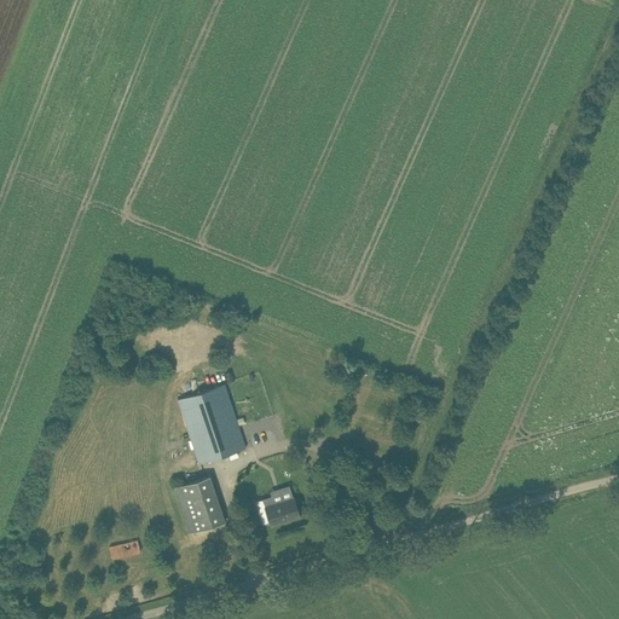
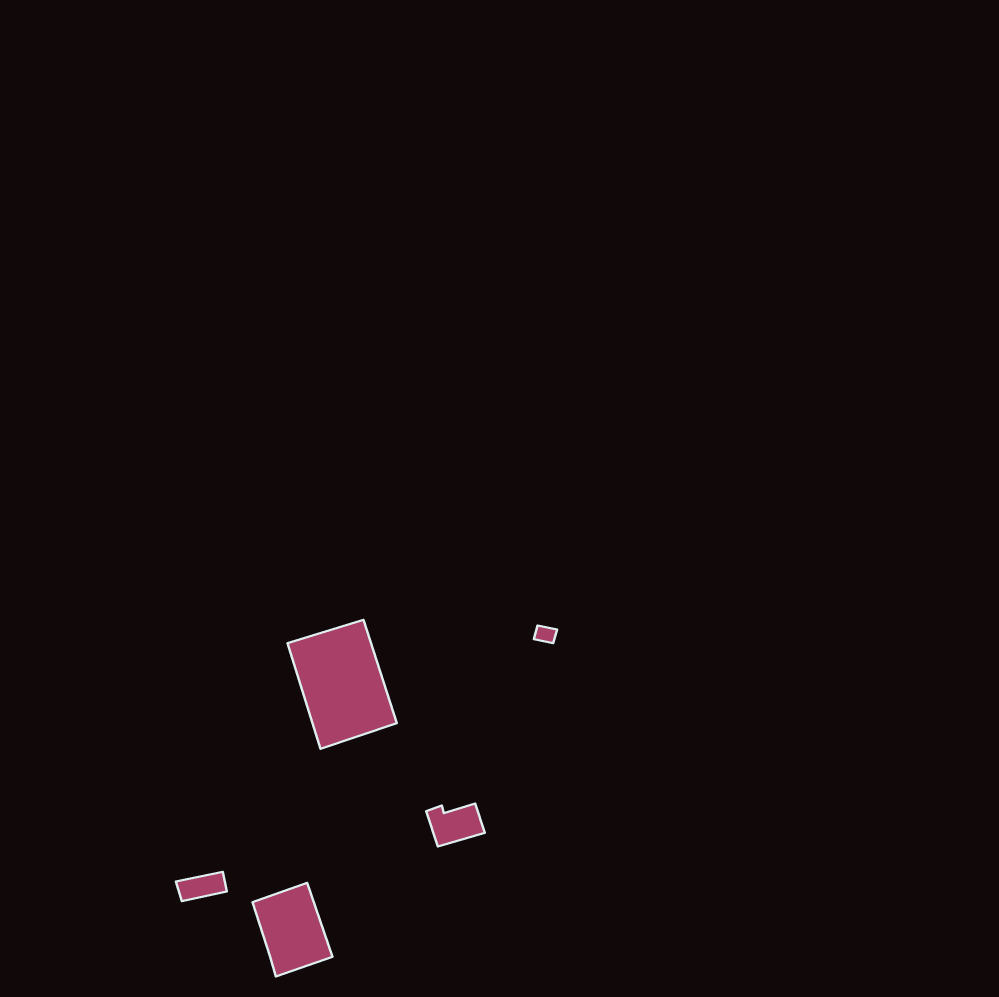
building: [175,475,225,533] -> [252,883,333,977]

